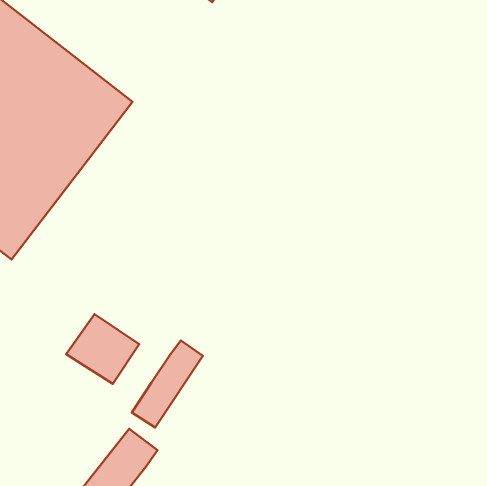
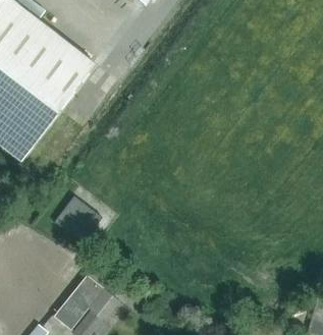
building: [132,341,203,427] -> none

